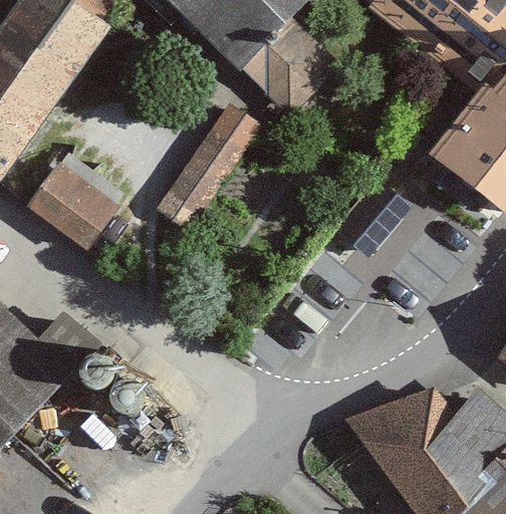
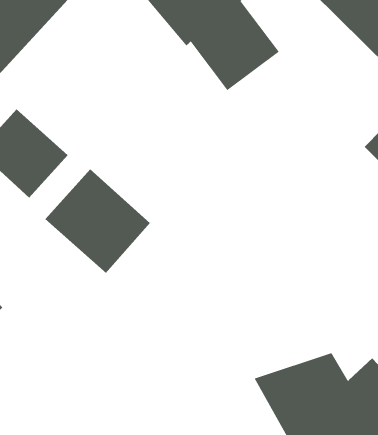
building: [163,99,260,213] -> none
building: none -> [44,168,151,274]

